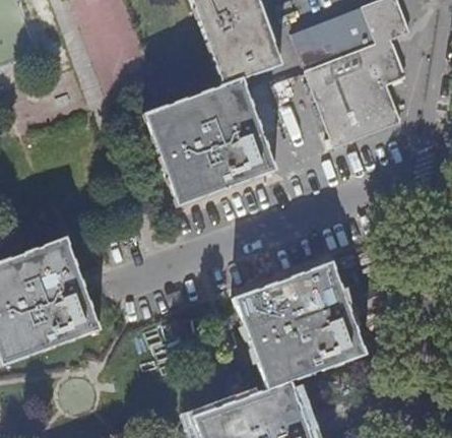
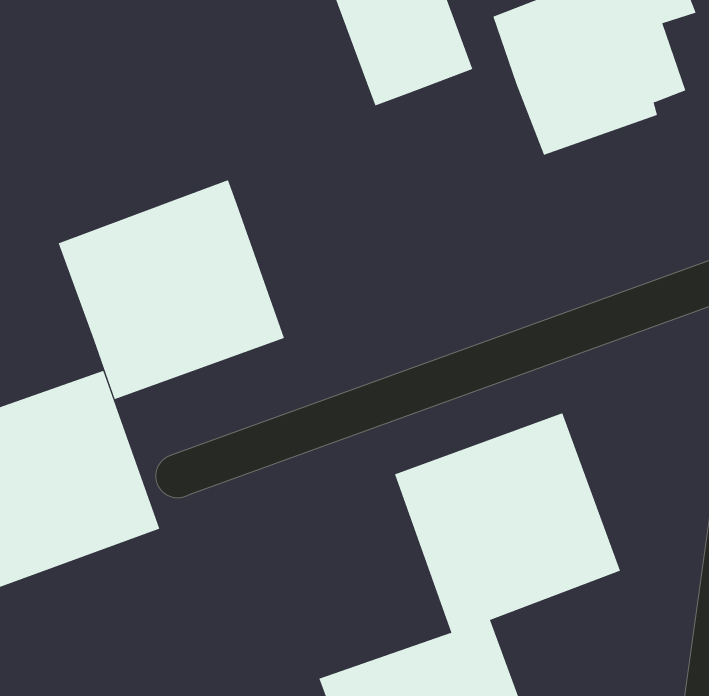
building: [145,77,276,204] -> [58,180,285,400]
building: [322,89,400,145] -> none

